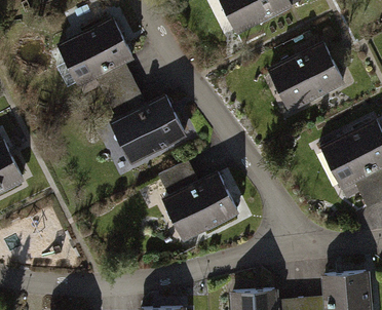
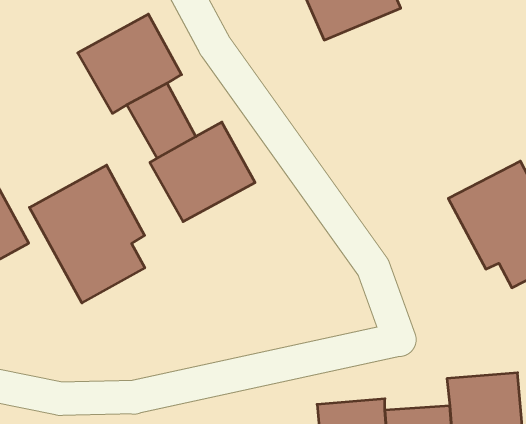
building: [270,44,342,110] -> none
building: none -> [29,165,145,303]
building: [159,165,240,243] -> none

